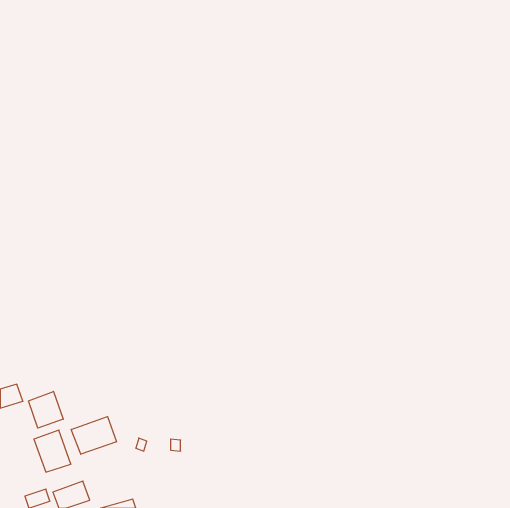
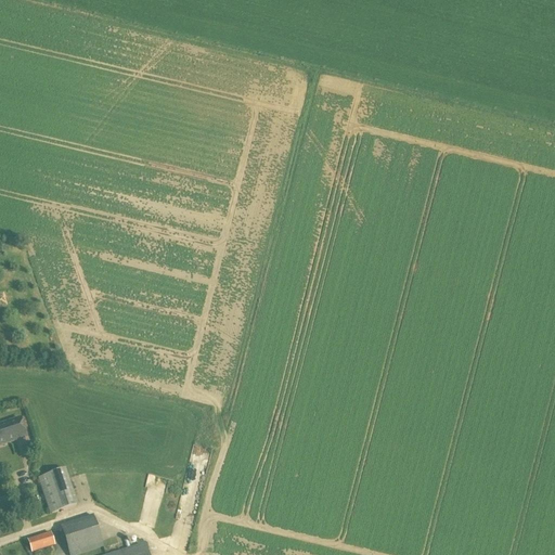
building: [29,391,63,428] -> none
building: [71,417,116,454] -> none

